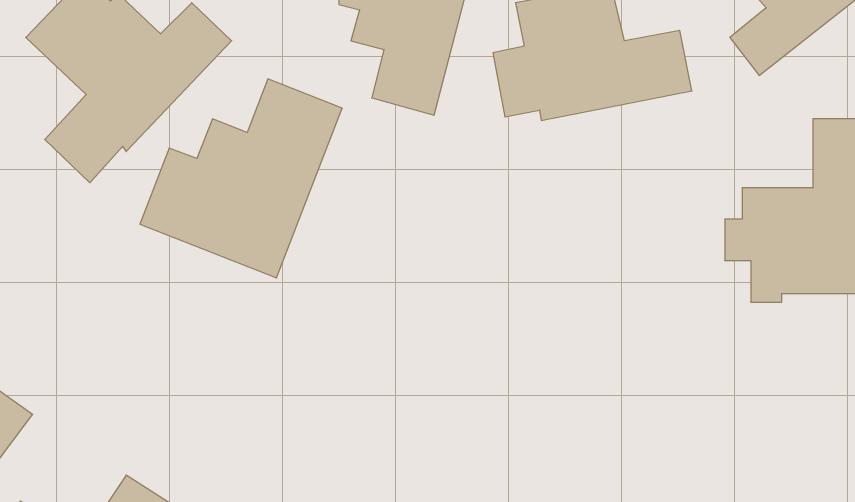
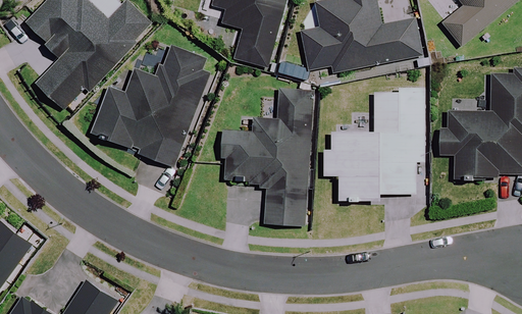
building: none -> [221,87,313,225]
building: none -> [324,88,424,202]

